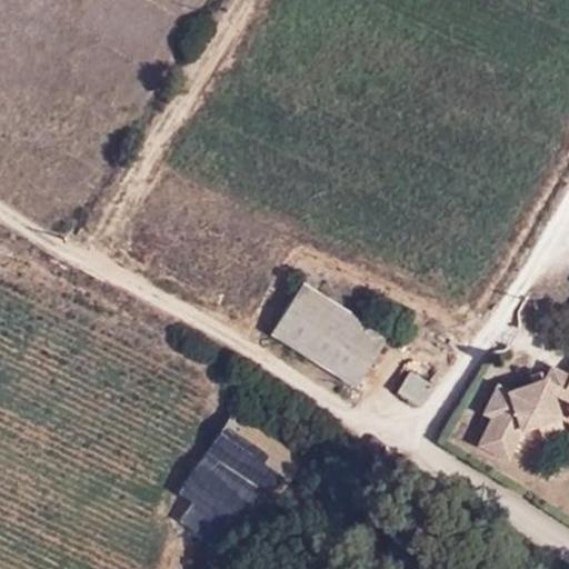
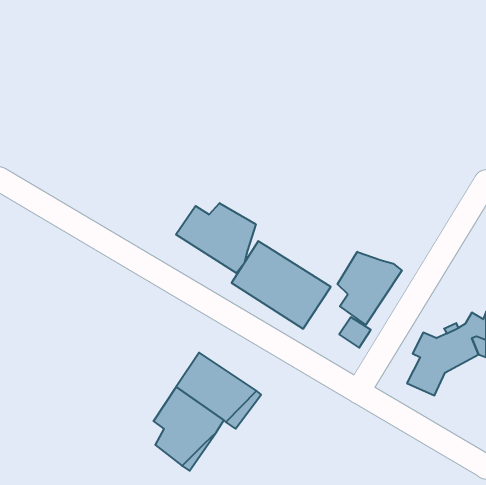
building: none -> [176,203,256,273]
building: none -> [337,252,402,325]

